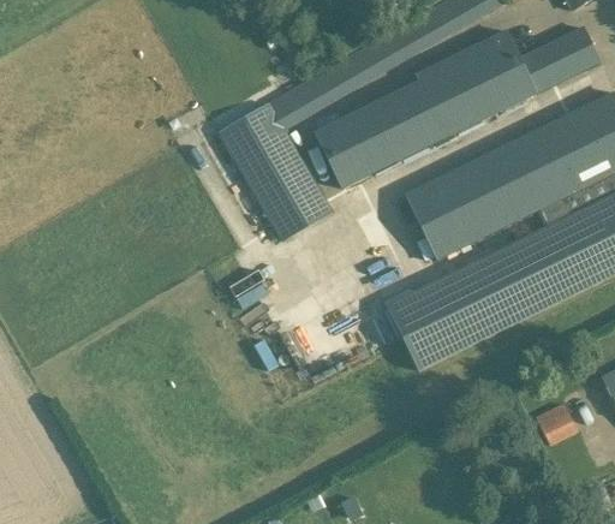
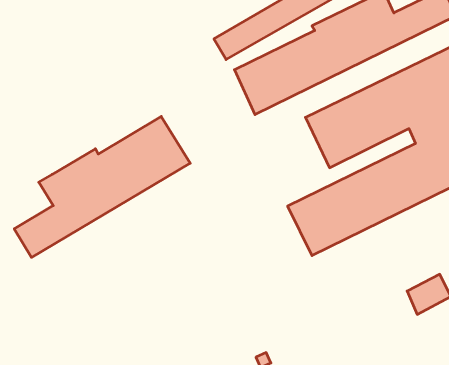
building: [217,102,334,242] -> none
building: none -> [14,116,190,257]

